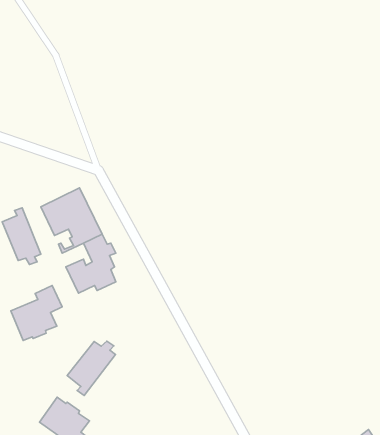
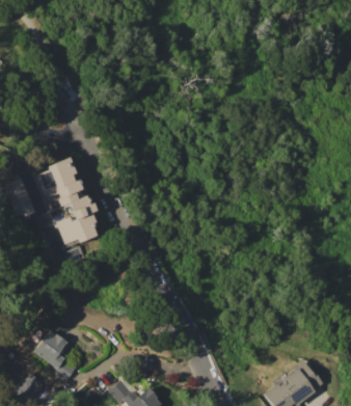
building: [11,286,62,341] -> none
building: [67,341,116,395] -> none

